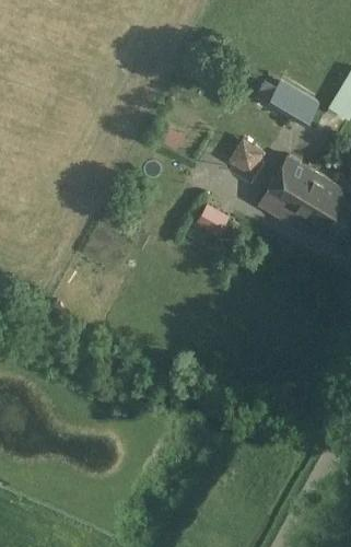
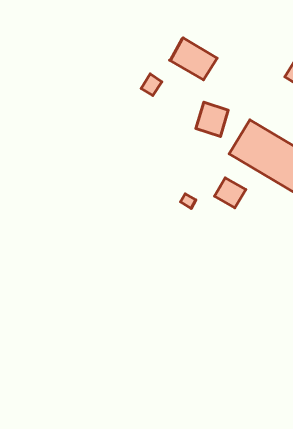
building: [265,80,318,127] -> [169,38,217,80]
building: [194,203,229,237] -> [214,178,246,208]

